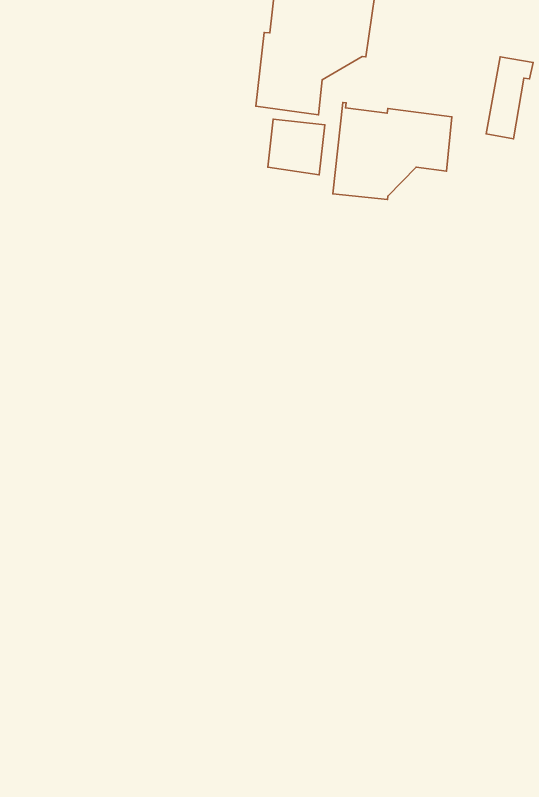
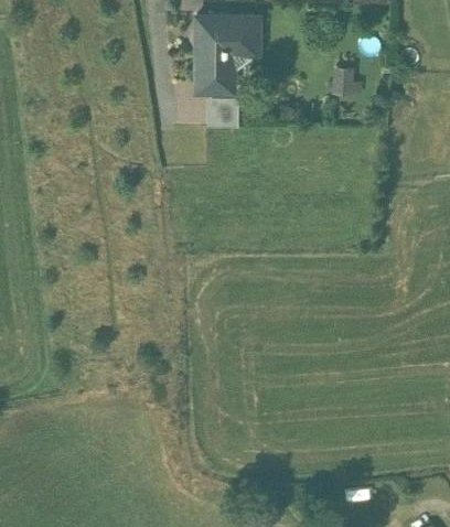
building: [333,103,452,199] -> none

